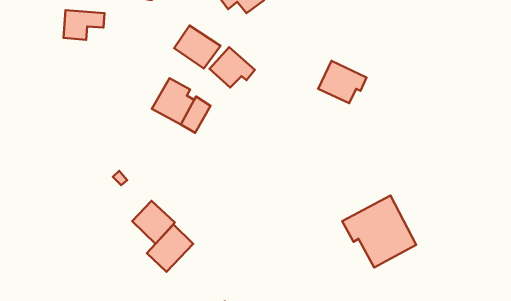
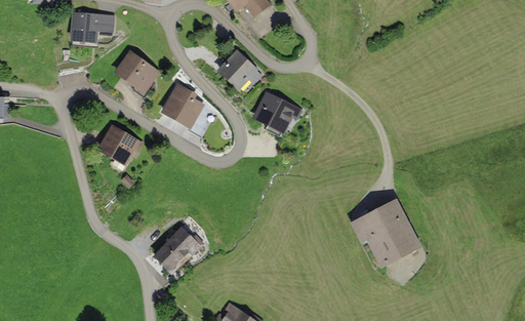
building: [174,25,220,69] -> [113,50,159,93]
building: [318,61,367,103] -> [252,91,300,133]
building: none -> [96,124,143,165]
building: [132,201,175,244] -> none

